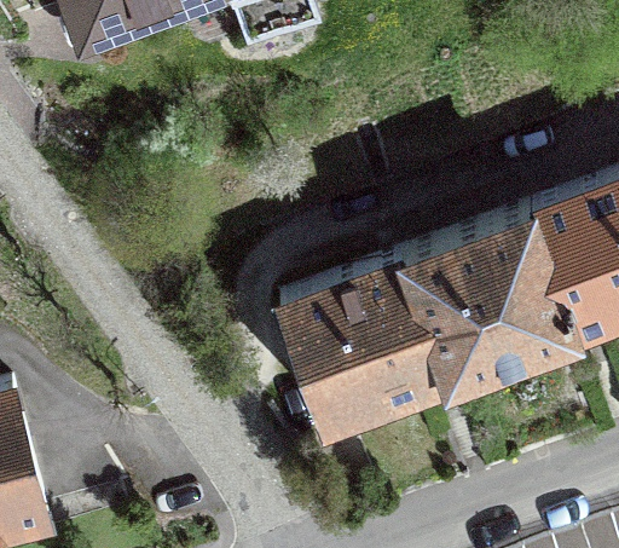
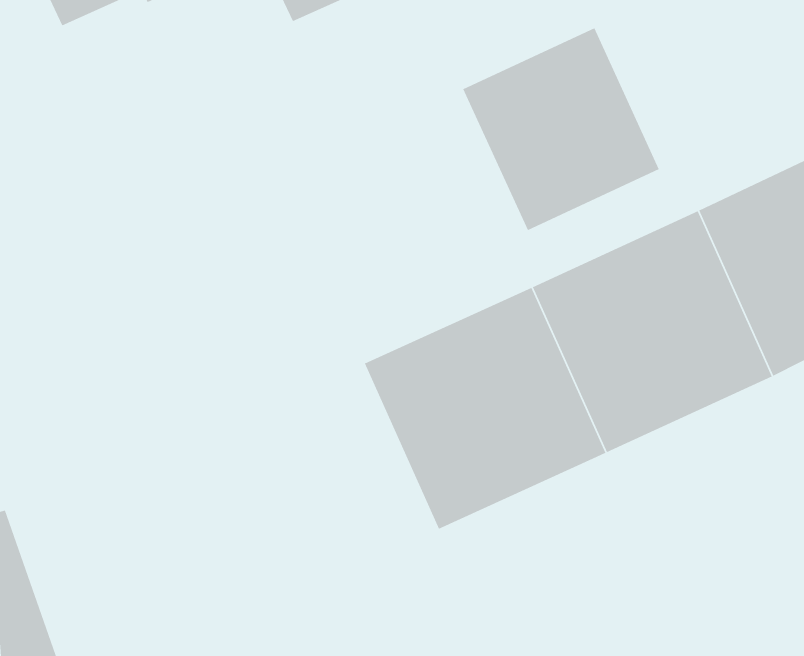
building: none -> [462,27,660,231]

